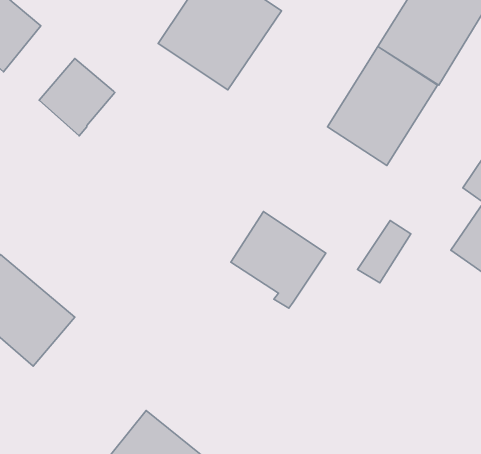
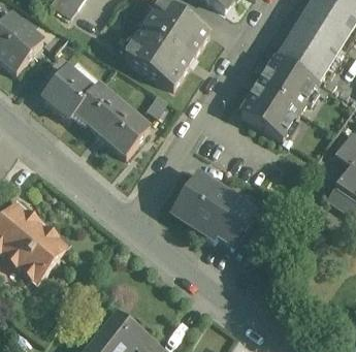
building: none -> [74,83,150,156]
building: [357,221,411,283] -> [218,200,255,244]

